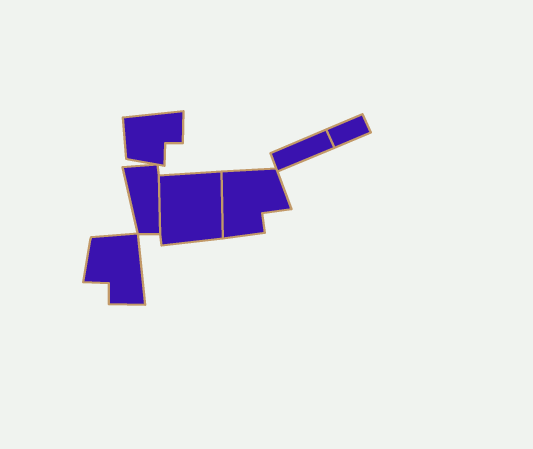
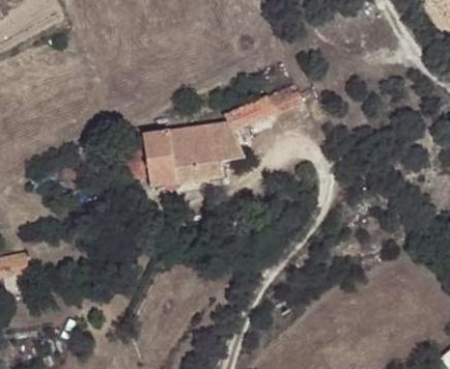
building: [123,111,184,166] -> none
building: [83,233,145,305] -> none

